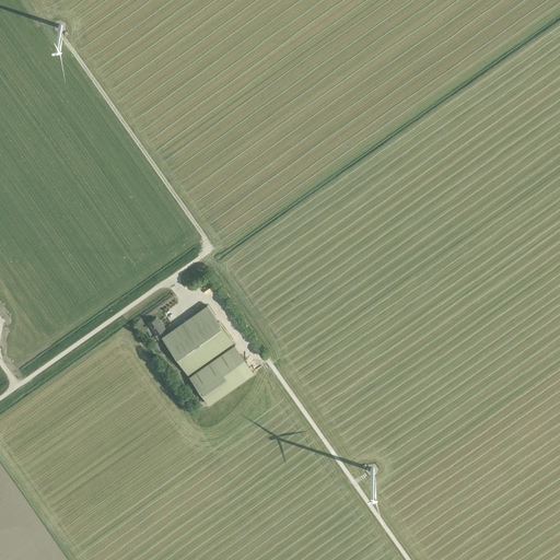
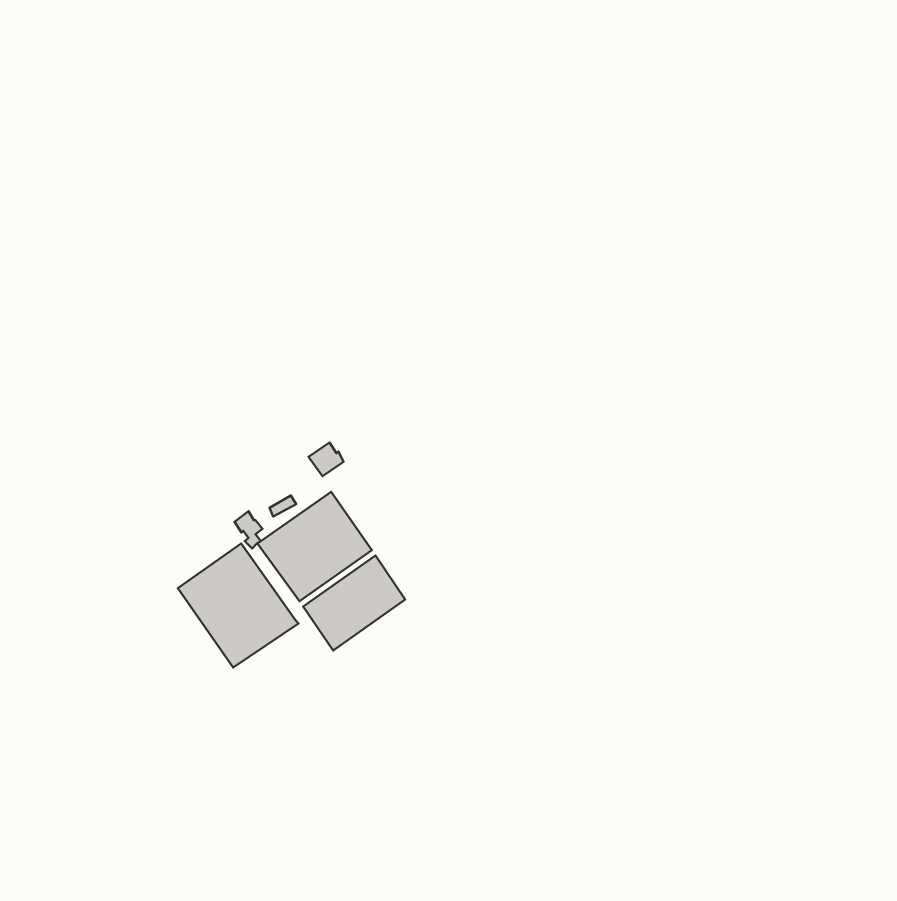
building: none -> [178,543,298,668]

